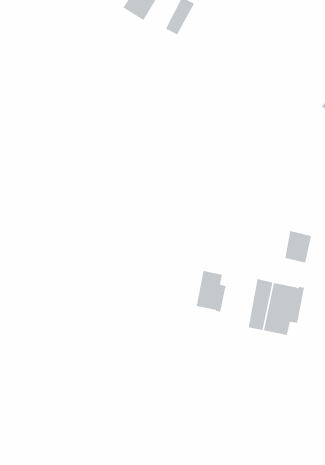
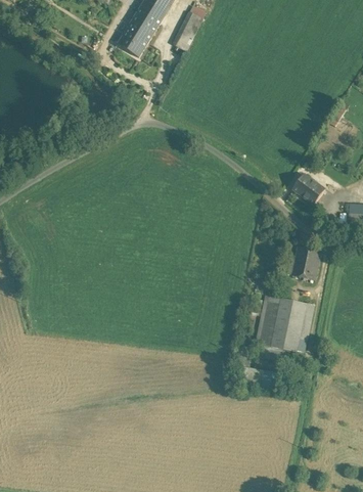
building: none -> [118,21,152,56]
building: none -> [293,173,325,203]
building: [196,270,226,313] -> none

